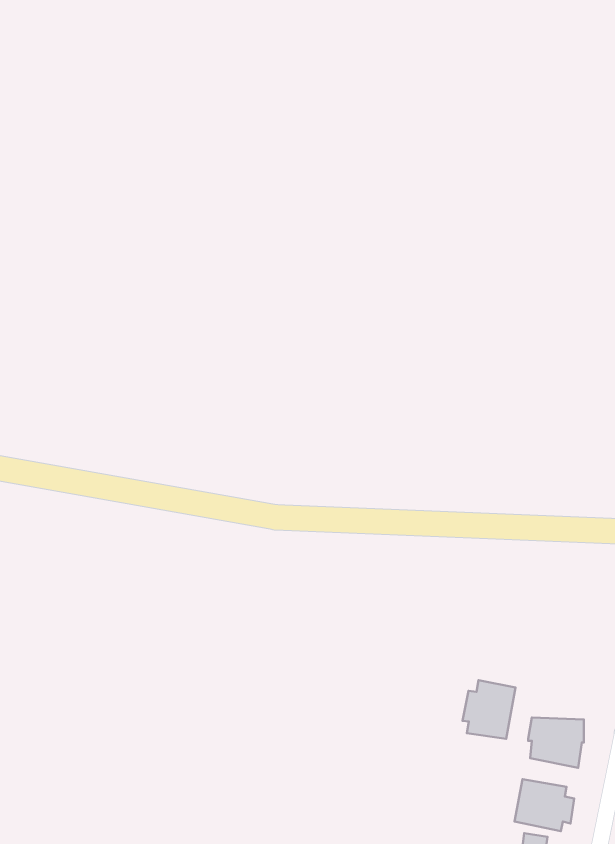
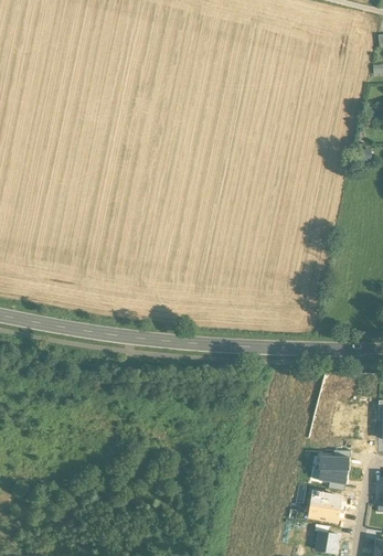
building: [462,680,515,739] -> none

